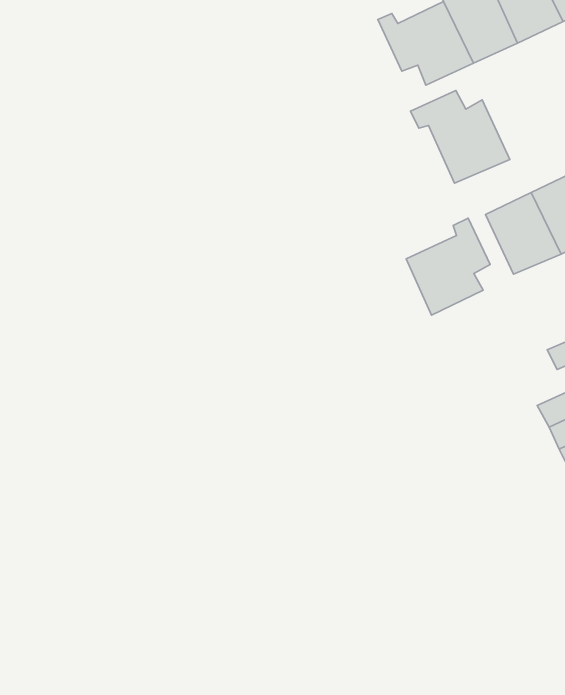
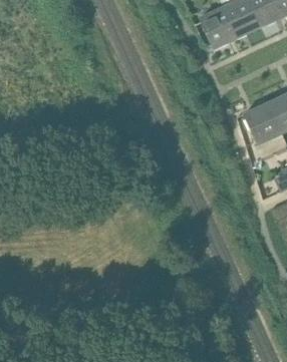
building: [411,90,510,183] -> none
building: [406,218,490,315] -> none

